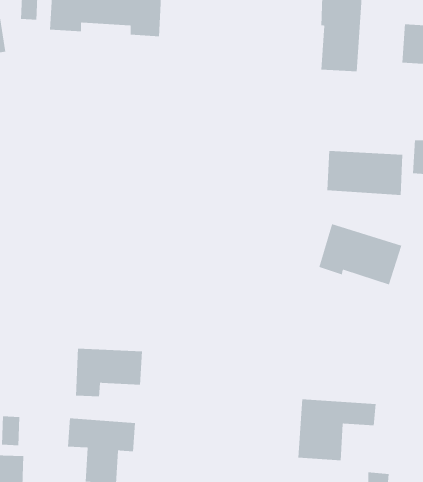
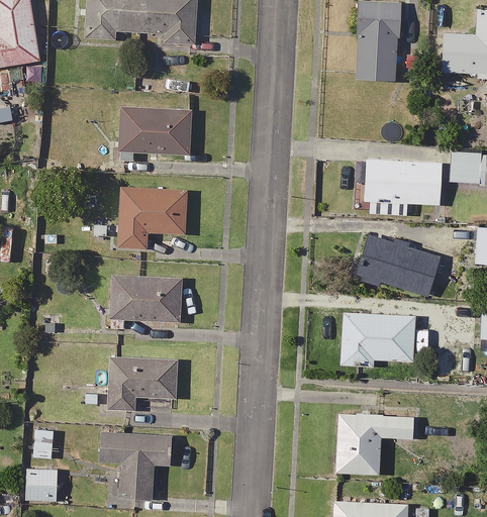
building: none -> [119,108,191,161]
building: none -> [117,189,186,246]
building: none -> [112,276,182,328]
building: none -> [339,311,415,365]

